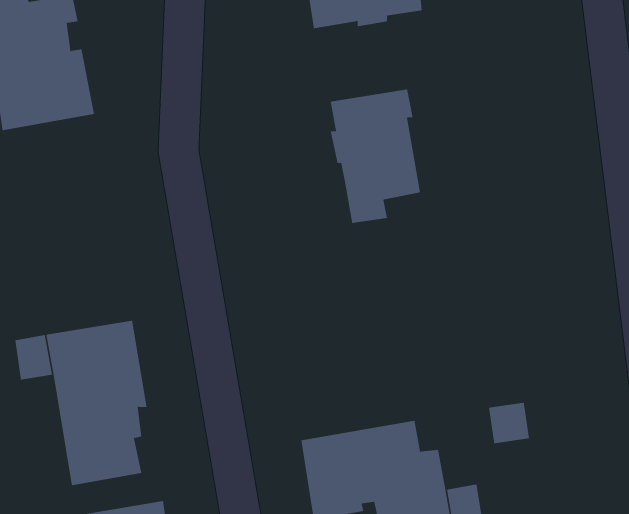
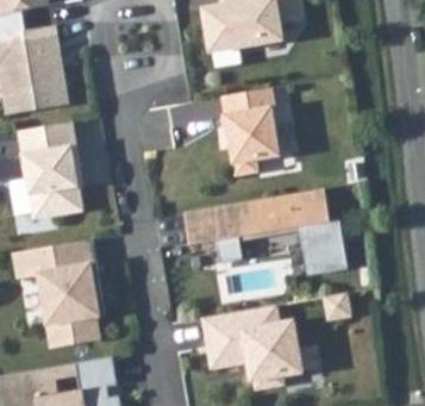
building: none -> [18,123,82,220]
building: none -> [183,188,346,276]

